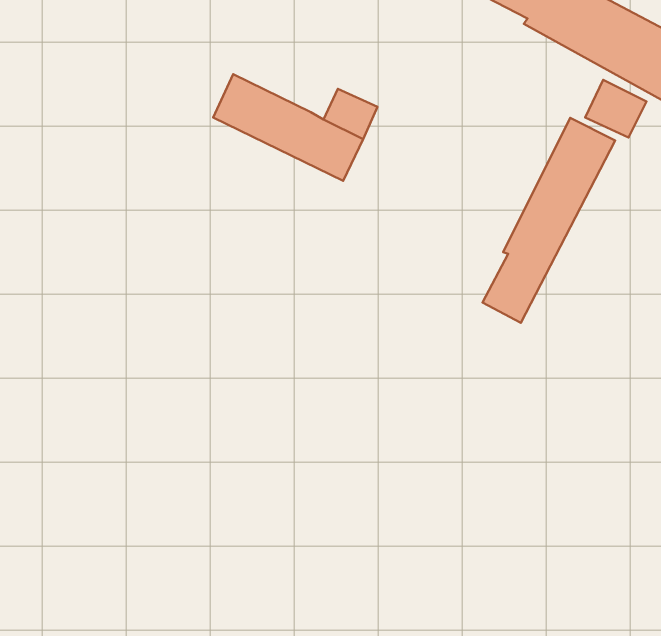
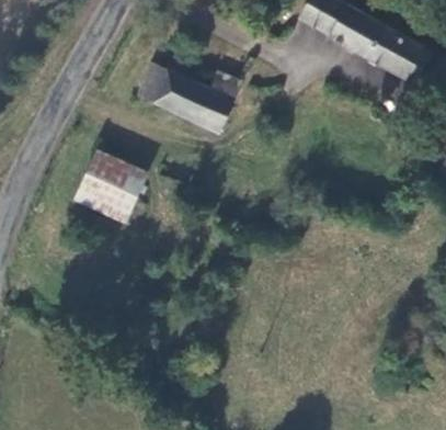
building: [483,118,615,323] -> none
building: none -> [75,150,148,223]

